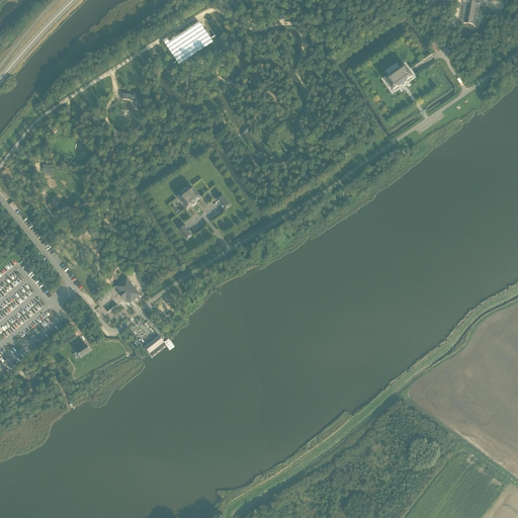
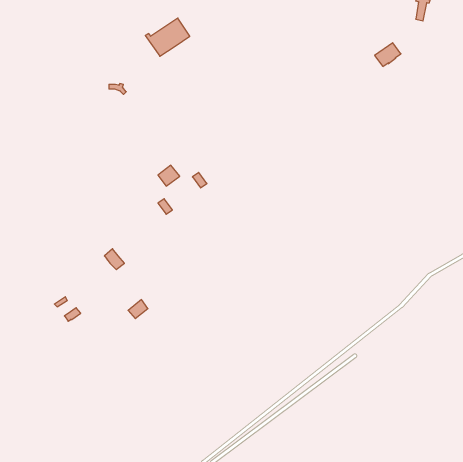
building: [383,63,413,89] -> [375,43,401,66]

